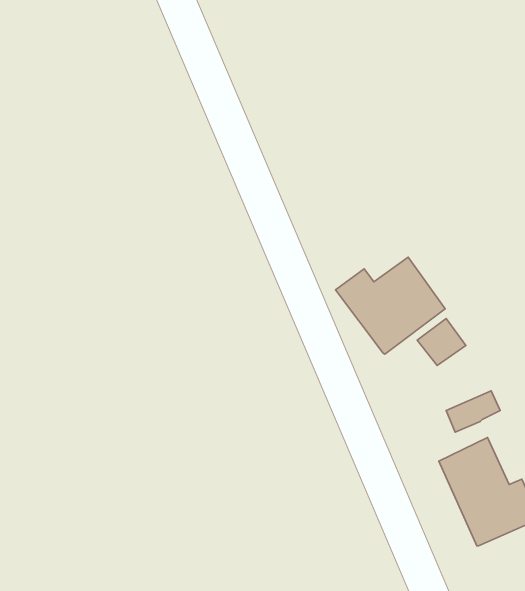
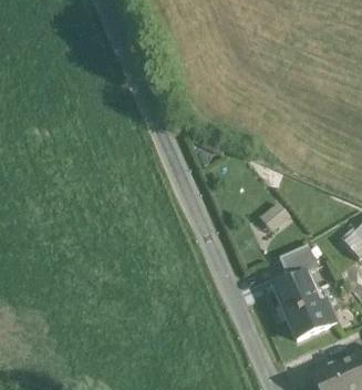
building: [335,257,445,354] -> none

